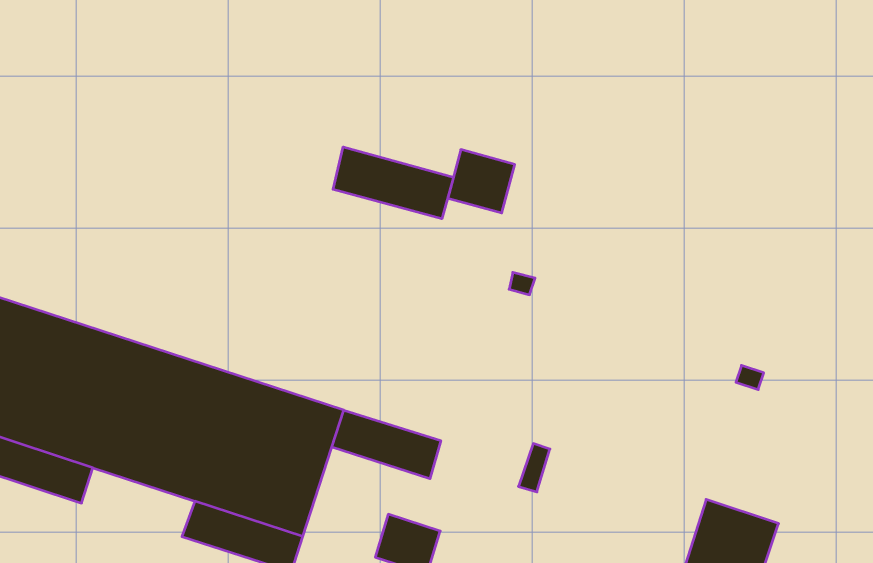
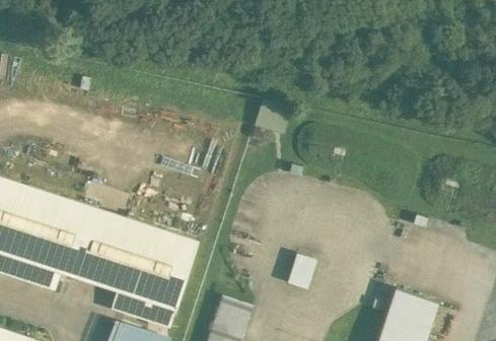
building: [333,147,453,219] -> none
building: [332,410,441,479] -> none

